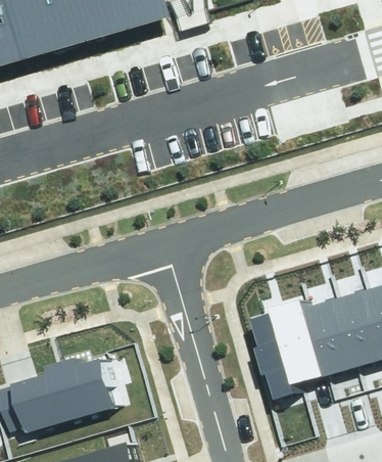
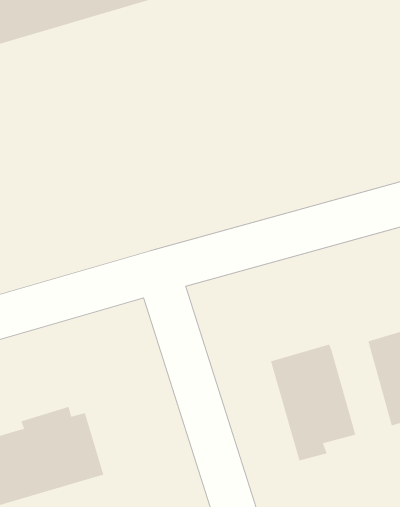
building: [301,301,349,377] -> none

